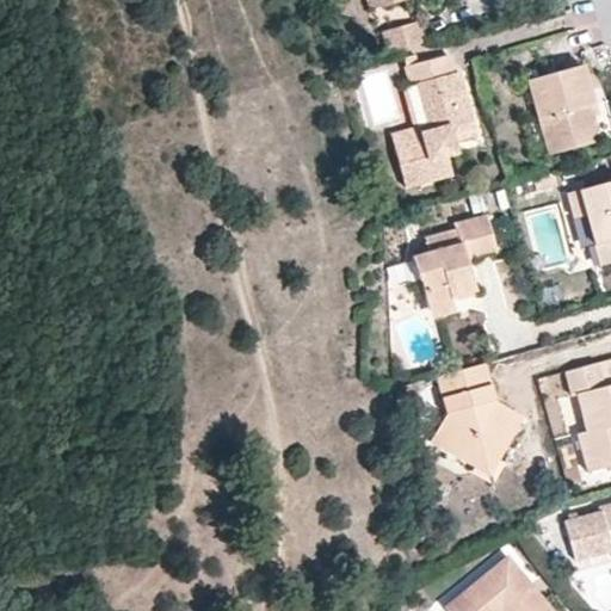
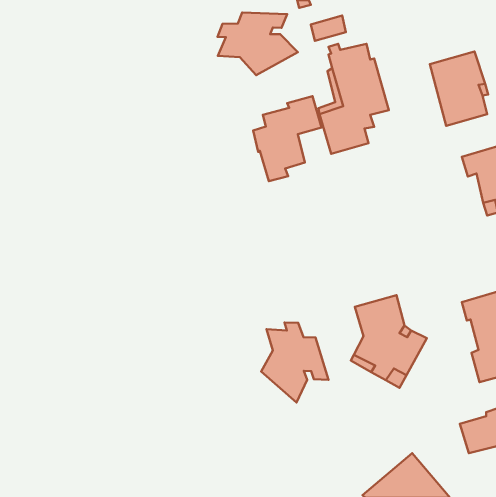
building: none -> [217,12,298,75]
building: [414,214,498,317] -> [253,96,321,181]
building: none -> [261,323,329,403]

